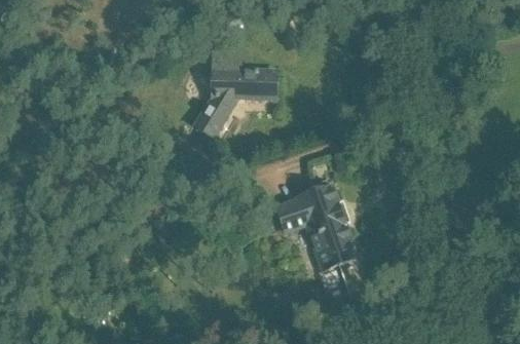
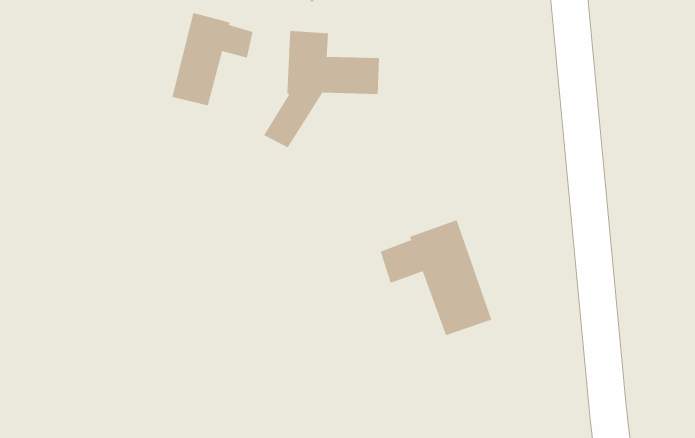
building: none -> [172,12,253,106]

